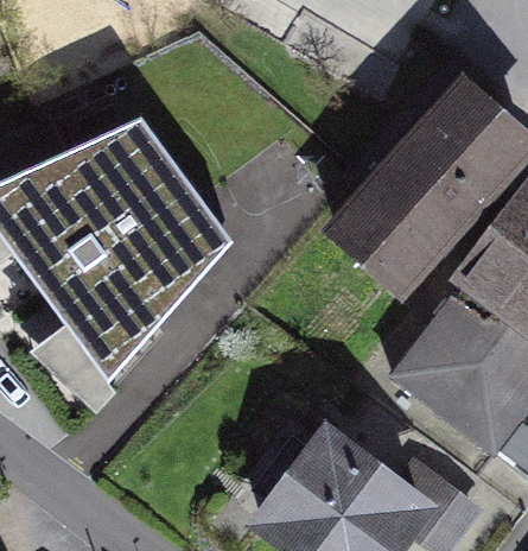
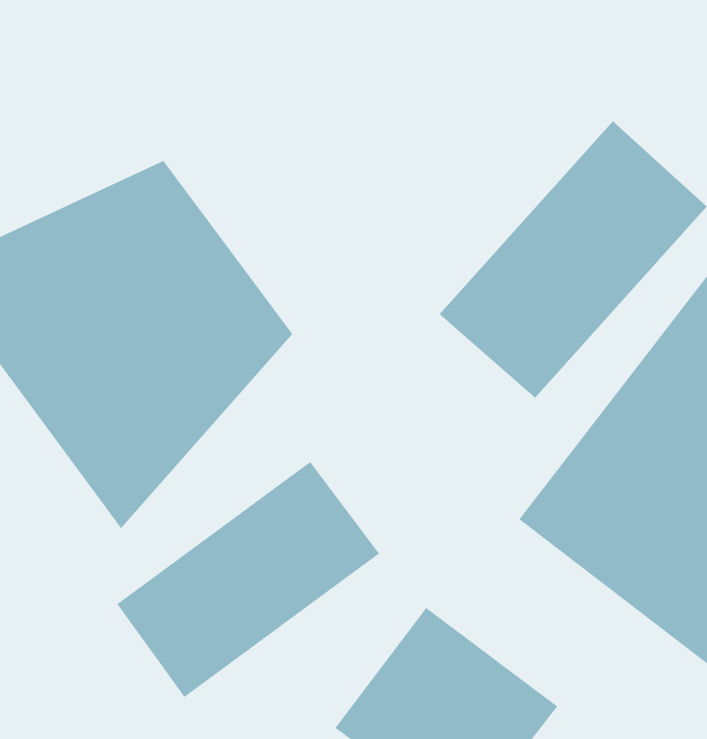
building: none -> [117,461,380,698]

